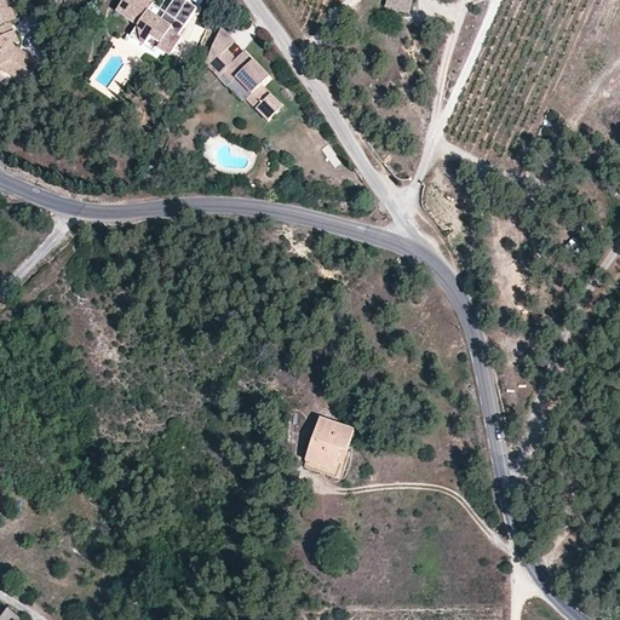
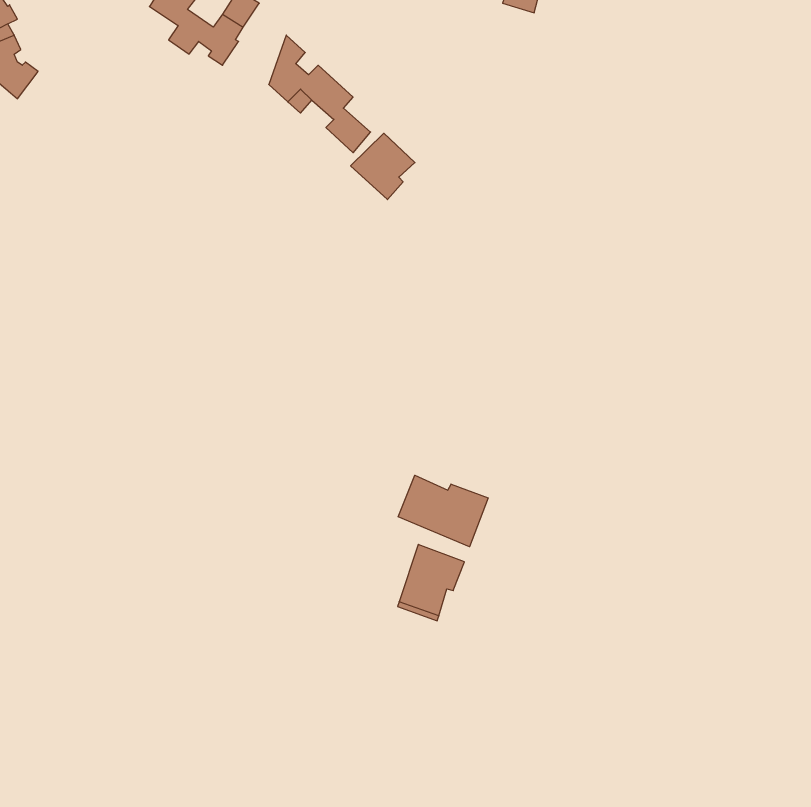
building: none -> [351,133,415,200]
building: none -> [398,475,488,547]

